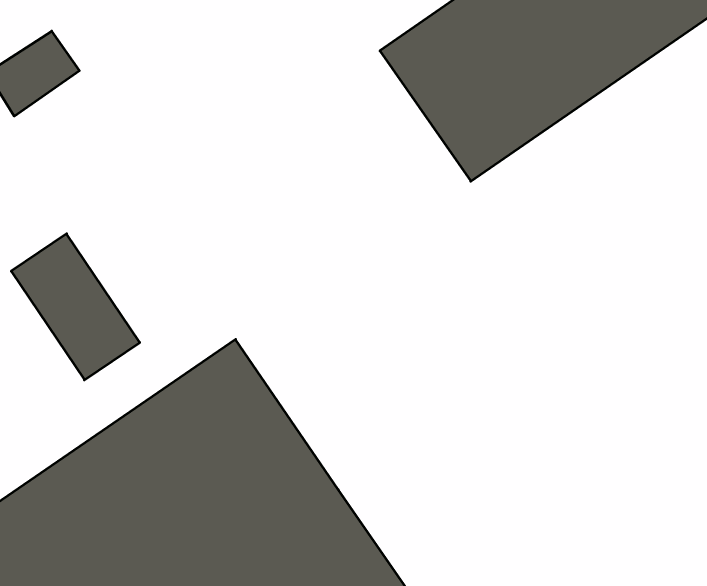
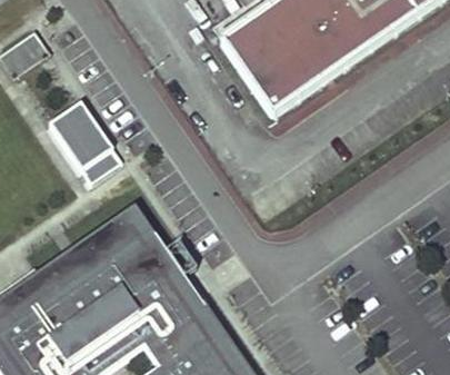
building: [11,234,140,380] -> [47,102,119,185]

